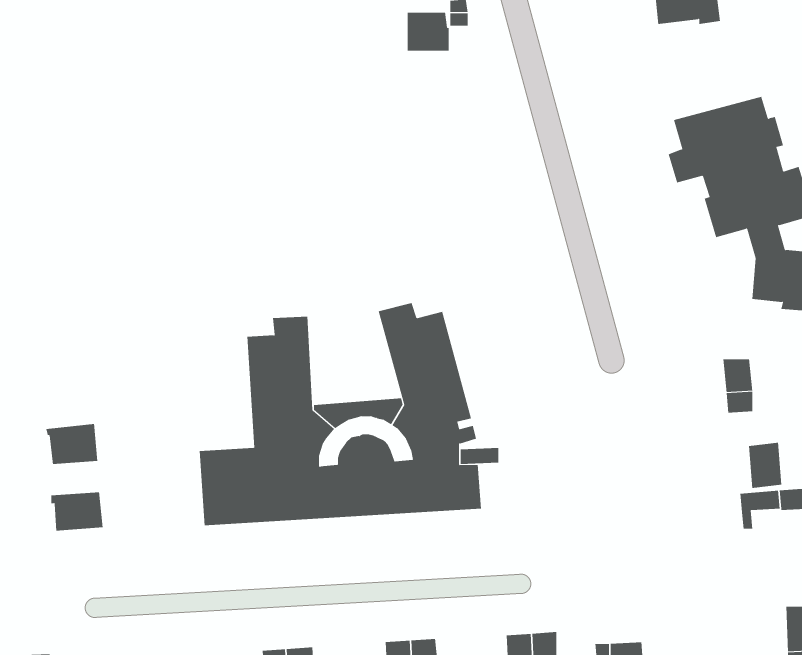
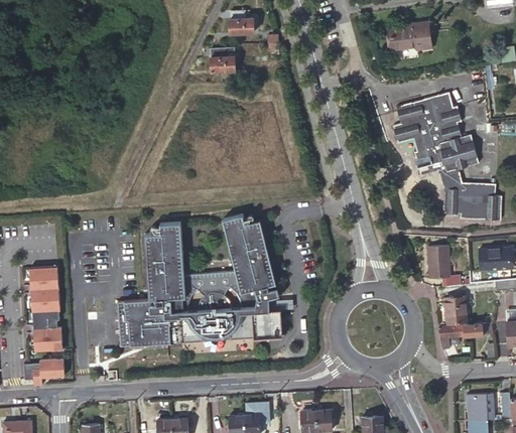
building: [407,12,449,51] -> [210,48,235,71]
building: none -> [28,265,57,289]
building: none -> [31,308,58,328]
building: none -> [23,358,64,386]

